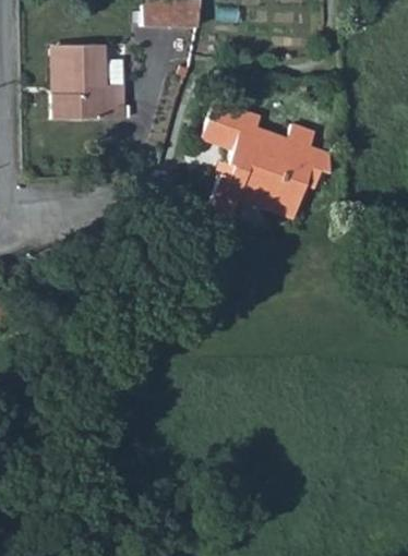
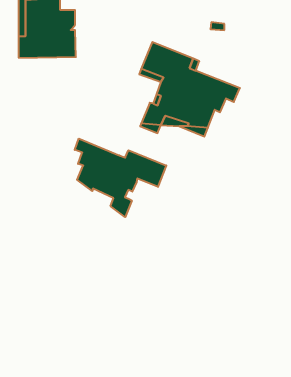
building: none -> [75,139,166,217]

